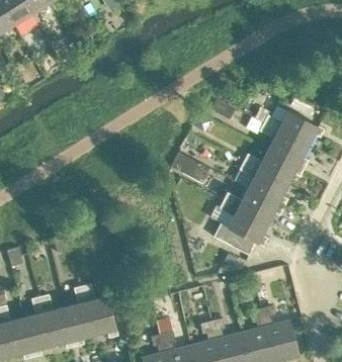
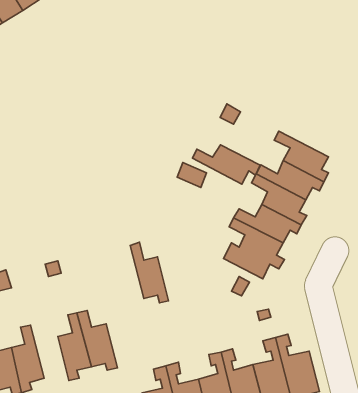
building: [263,111,324,147] -> [192,145,260,184]
building: [40,294,75,349] -> [130,242,169,303]

